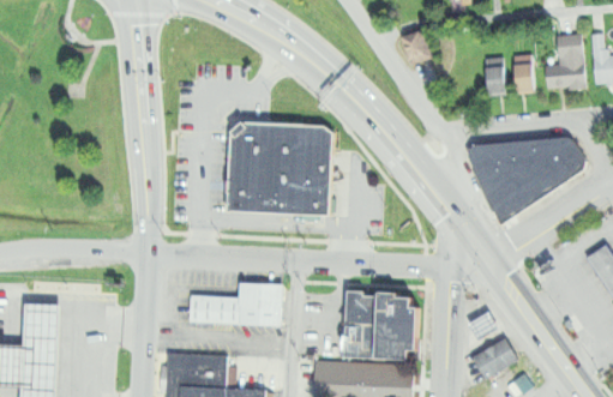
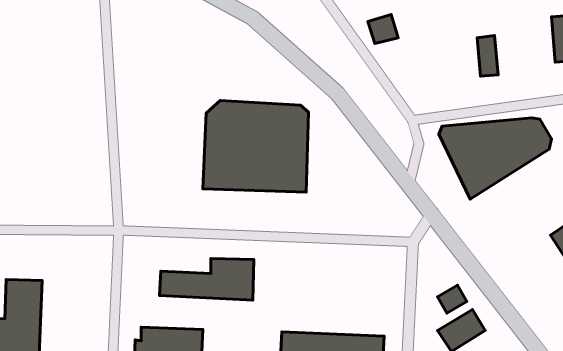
building: [546,32,585,86] -> none
building: [480,55,501,95] -> none
building: [338,293,420,359] -> none

